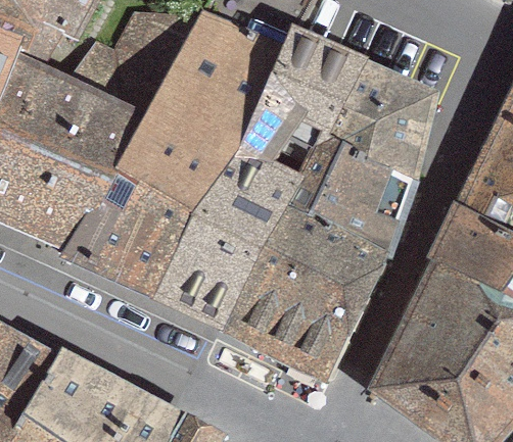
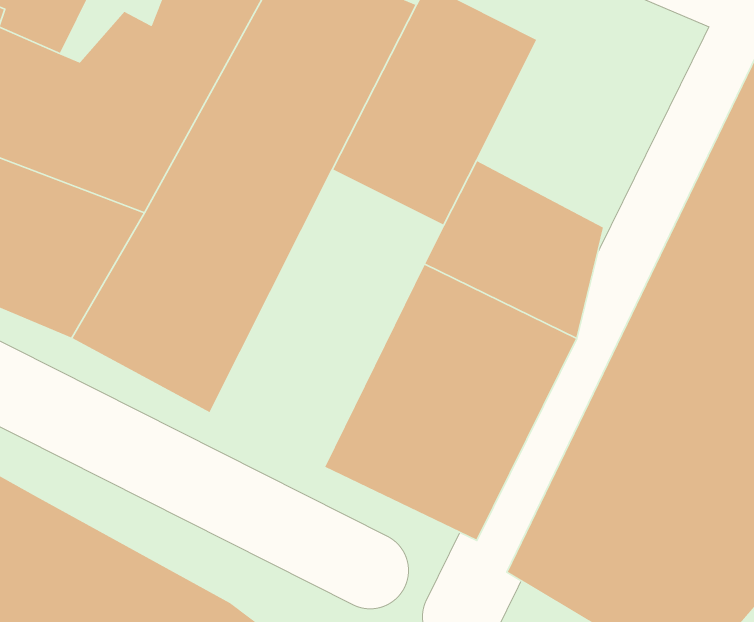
building: [331,61,438,182] -> none
building: [159,145,310,336] -> none

